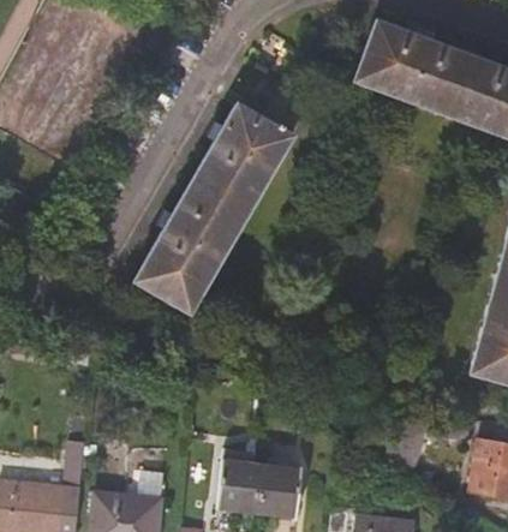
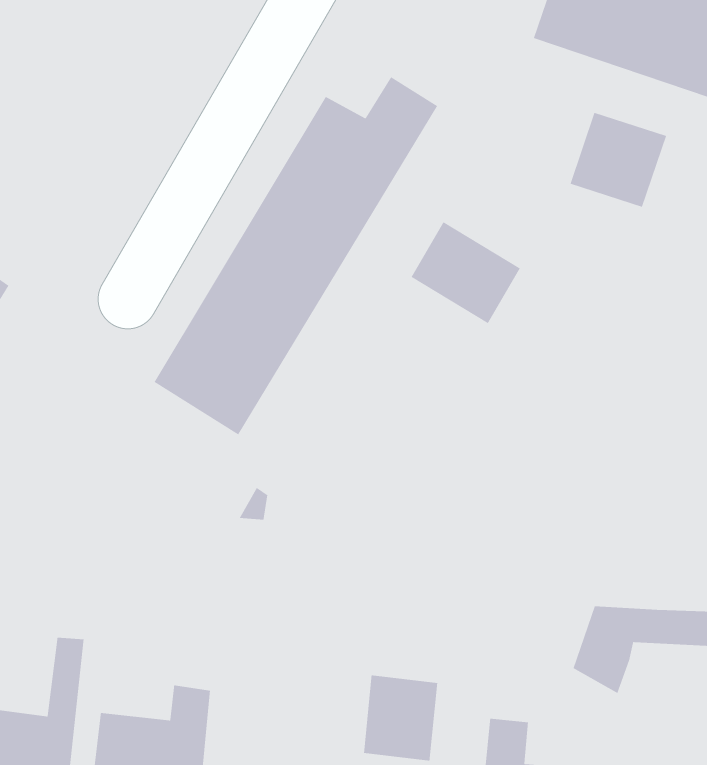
building: none -> [569,112,667,208]
building: none -> [411,221,521,324]
building: [216,450,261,514] -> none

